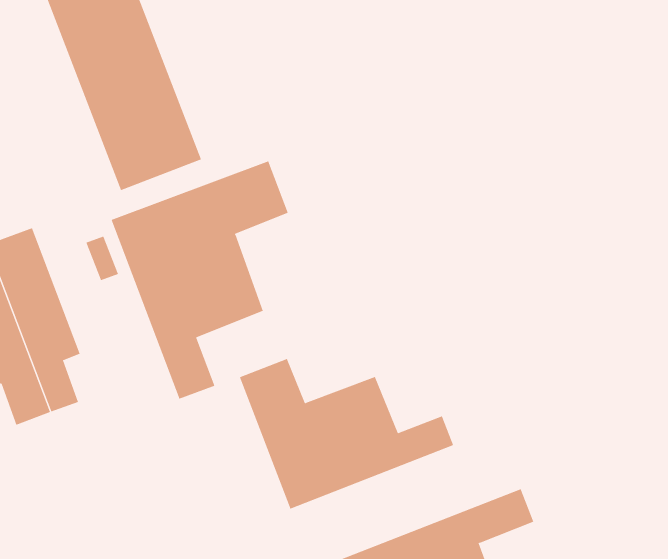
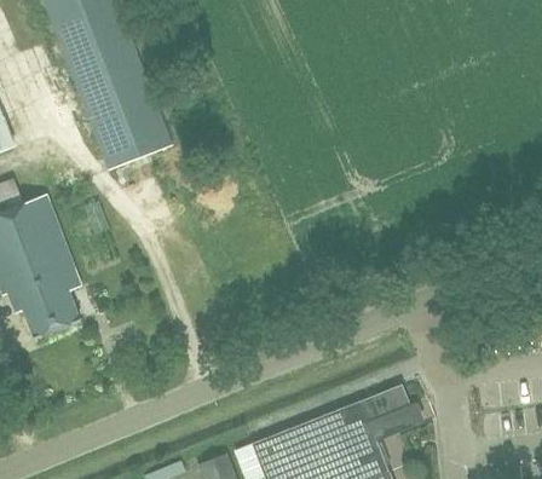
building: [111,161,288,399] -> none
building: [239,358,454,509] -> none

